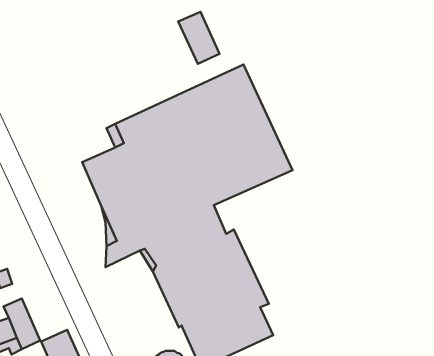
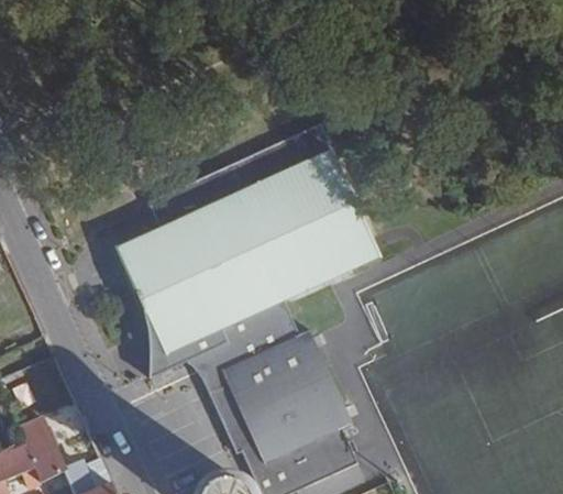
building: [178,12,220,64] -> none

